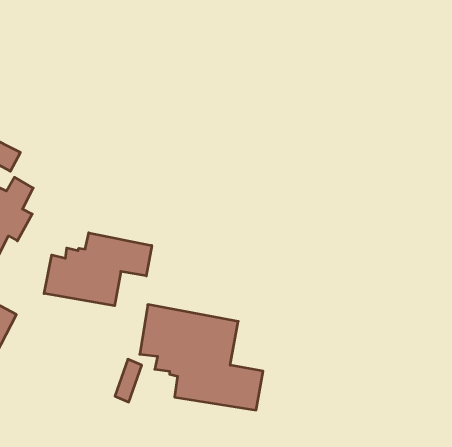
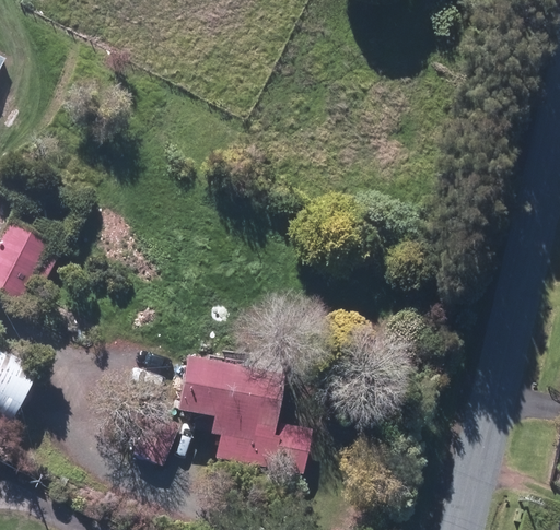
building: [44,233,152,306] -> none

